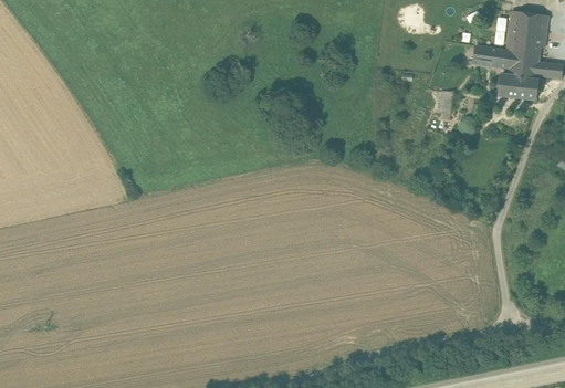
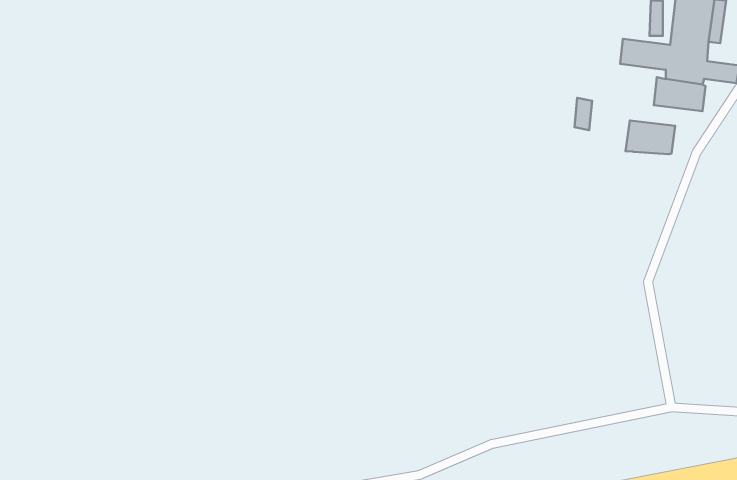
building: none -> [626,120,675,154]

